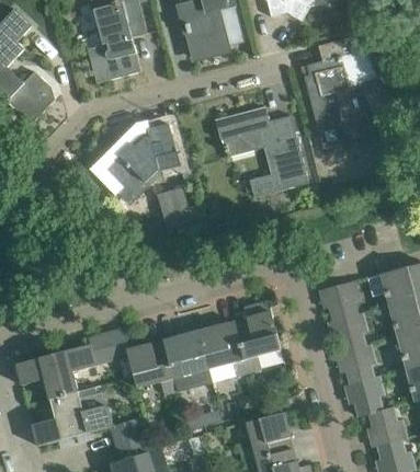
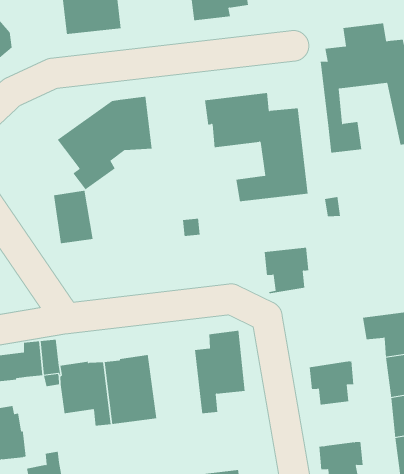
building: [157,187,194,233] -> [53,190,94,244]
building: [319,281,357,323] -> [264,247,309,294]
building: [197,322,247,381] -> none
building: [336,345,375,384] -> none

